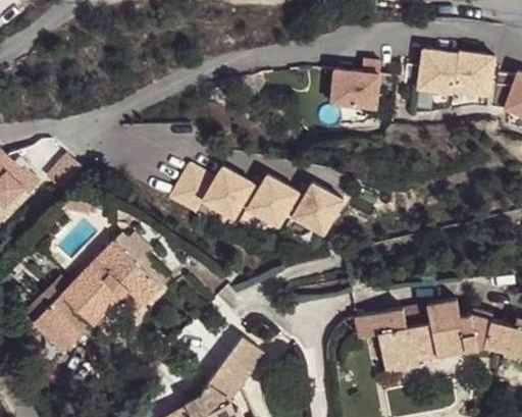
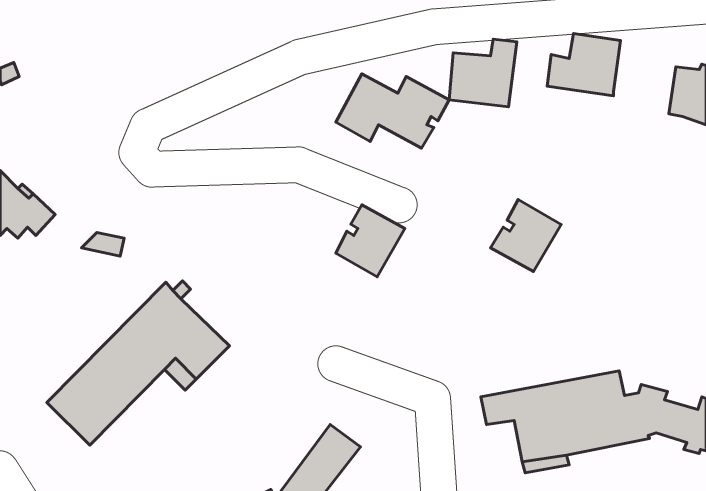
building: [453,53,494,98] -> none
building: [170,166,254,221] -> [336,74,449,148]
building: [292,184,344,237] -> [491,200,561,271]

